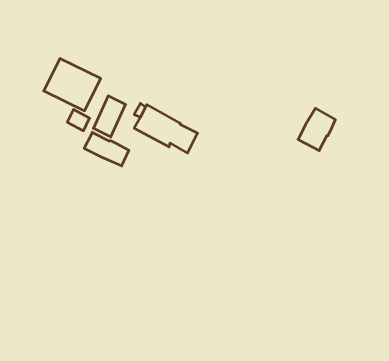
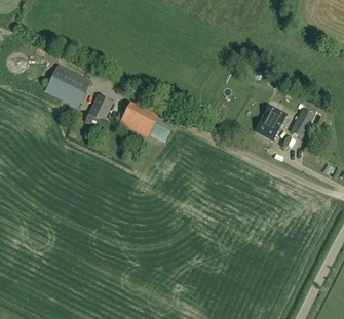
building: none -> [291,106,315,137]
building: [84,132,129,166] -> none

